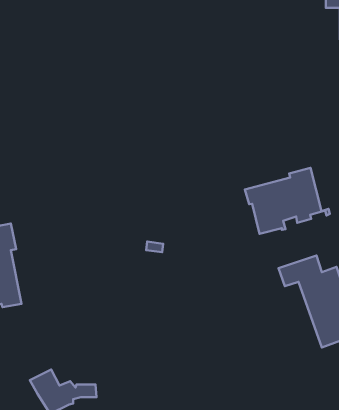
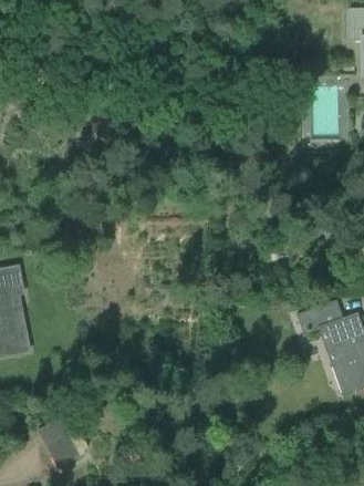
building: [245,168,330,234] -> none

